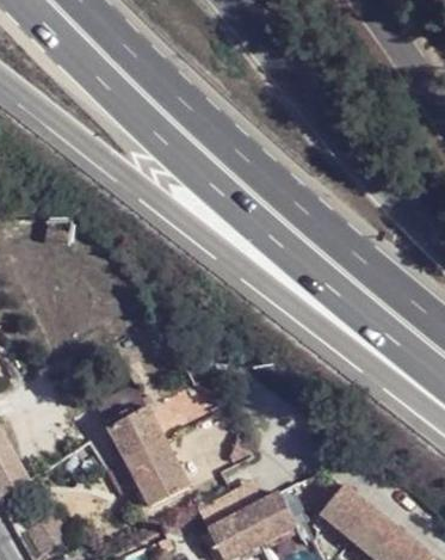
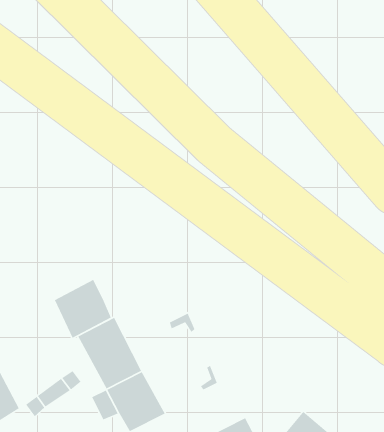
building: none -> [54,279,112,339]

